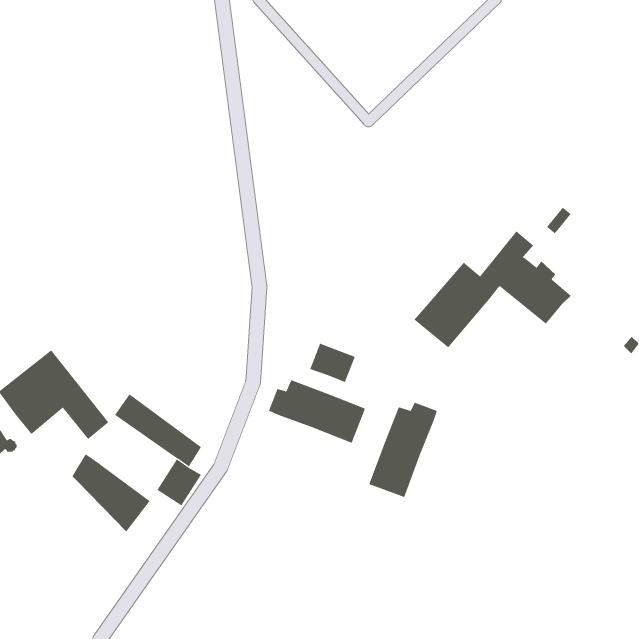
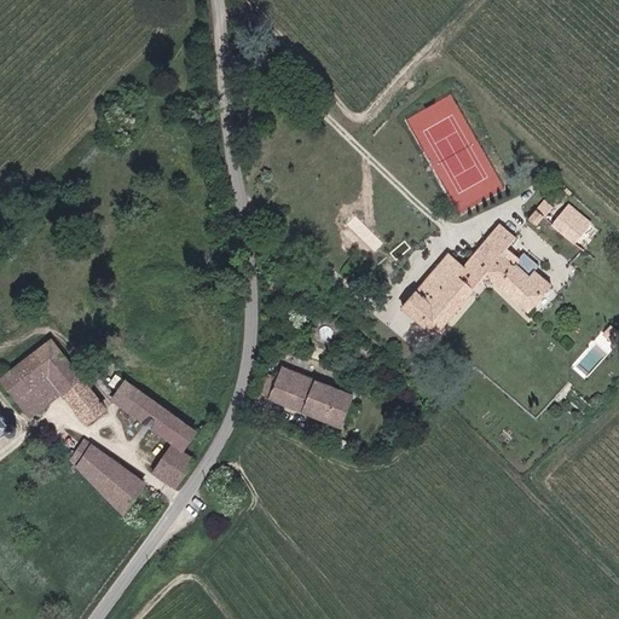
building: none -> [550,203,591,244]
building: [309,343,355,383] -> none
building: [369,402,438,498] -> none

